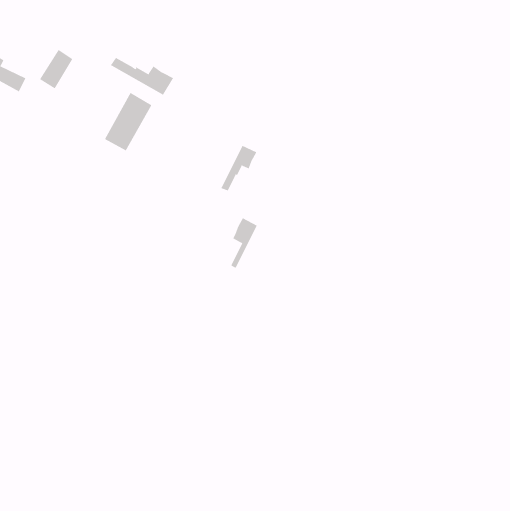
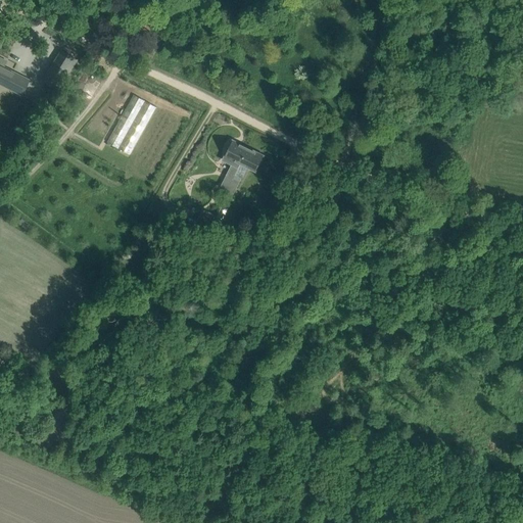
building: [110,57,174,95] -> none
building: [230,217,257,268] -> [220,140,247,192]

